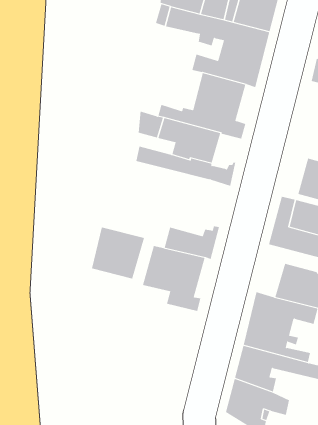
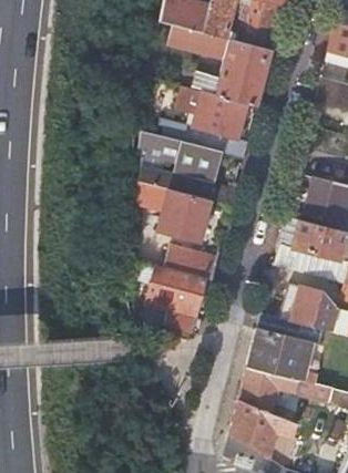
building: [91,227,145,279] -> [158,188,213,241]

